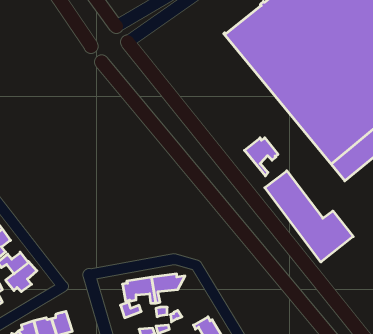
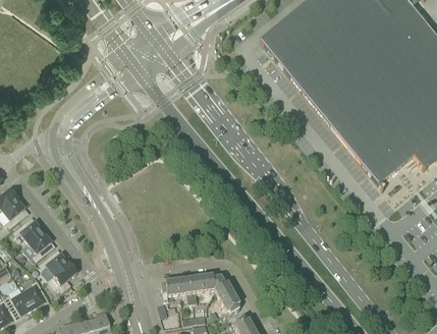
building: [244,138,278,176] -> none
building: [265,171,353,262] -> none
building: none -> [215,276,240,316]

